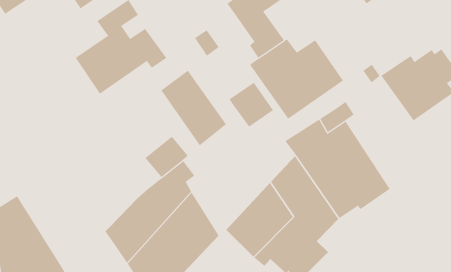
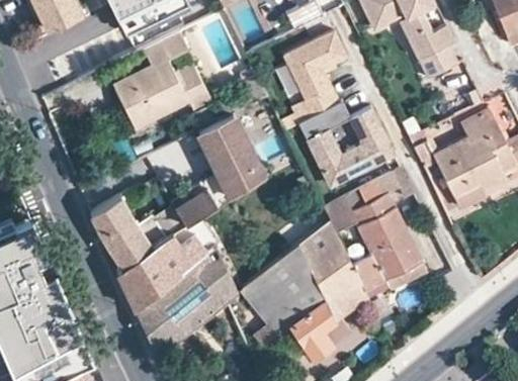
building: none -> [458,107,500,142]
building: [229,82,274,128] -> none
building: none -> [90,196,164,269]

